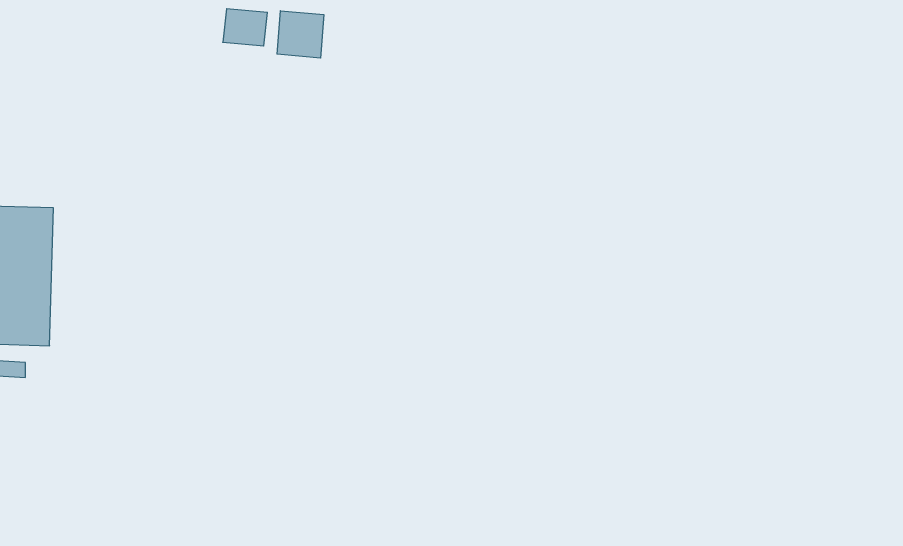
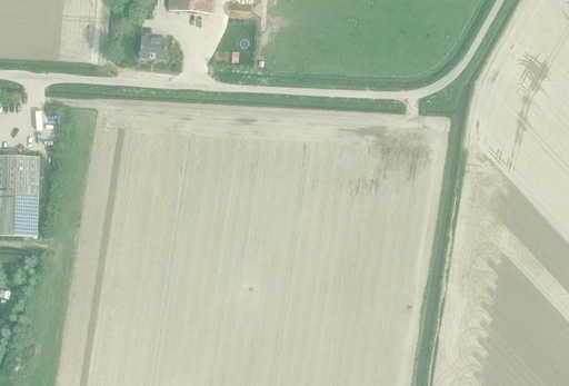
building: [277,11,324,58] -> none

